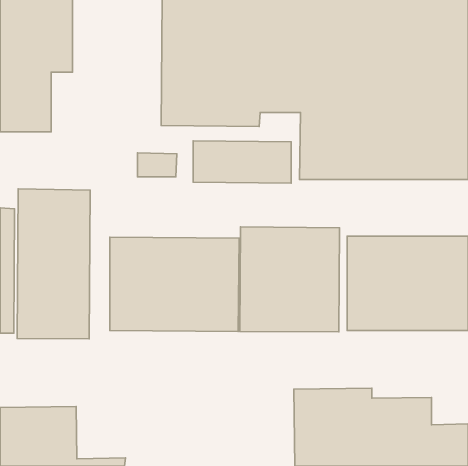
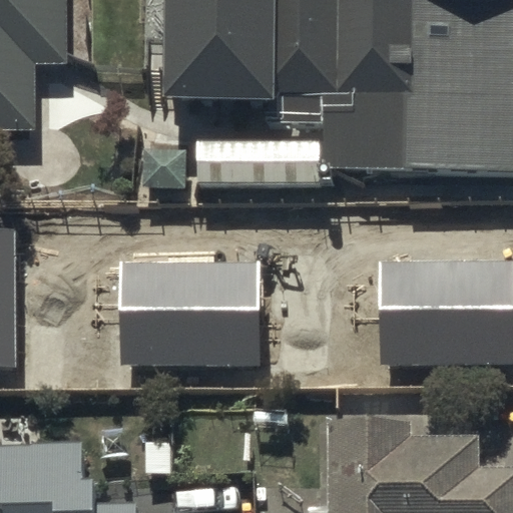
building: [17,189,90,339] -> none
building: [240,227,340,332] -> none

